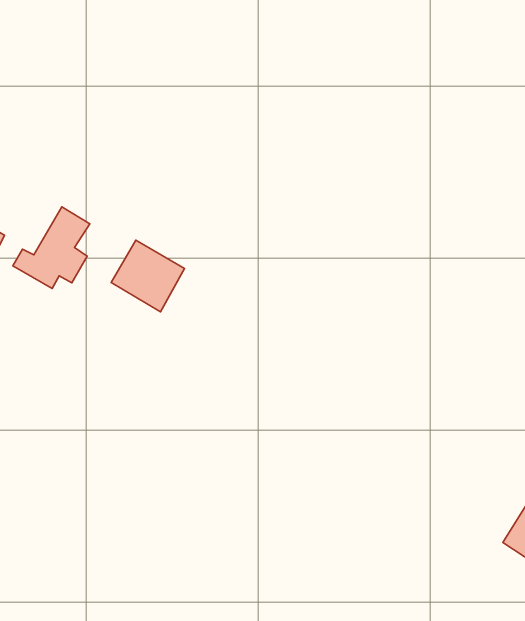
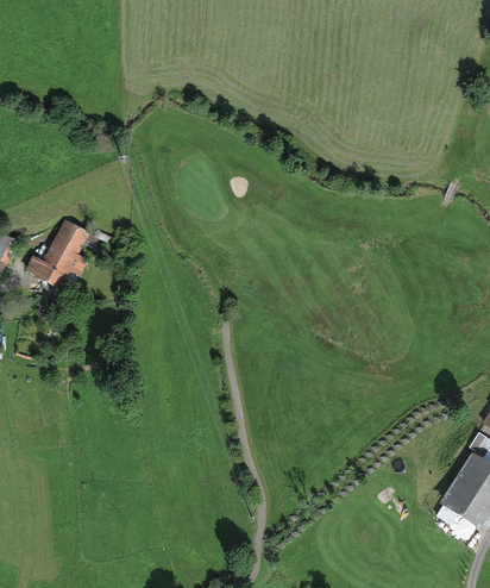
building: [111,240,185,312] -> none

